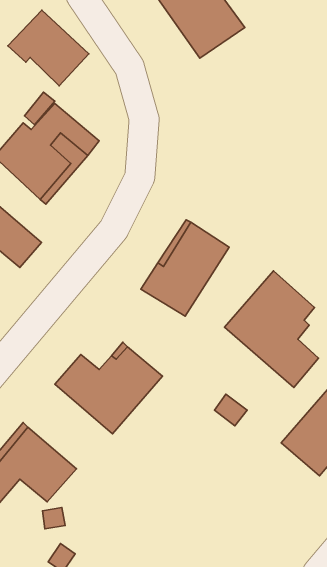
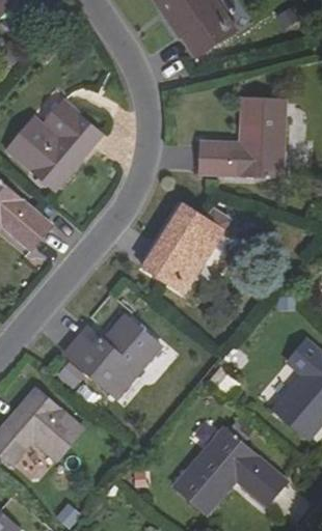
building: [8,10,89,86] -> none
building: none -> [199,100,284,177]
building: [224,271,319,388] -> none
building: none -> [169,428,283,514]

